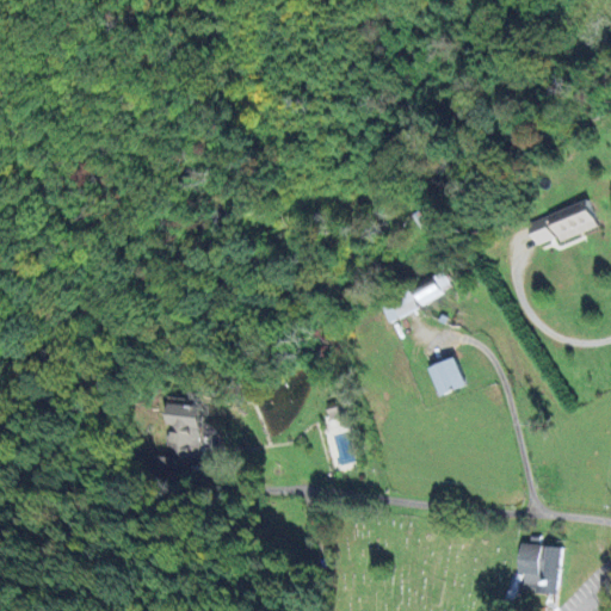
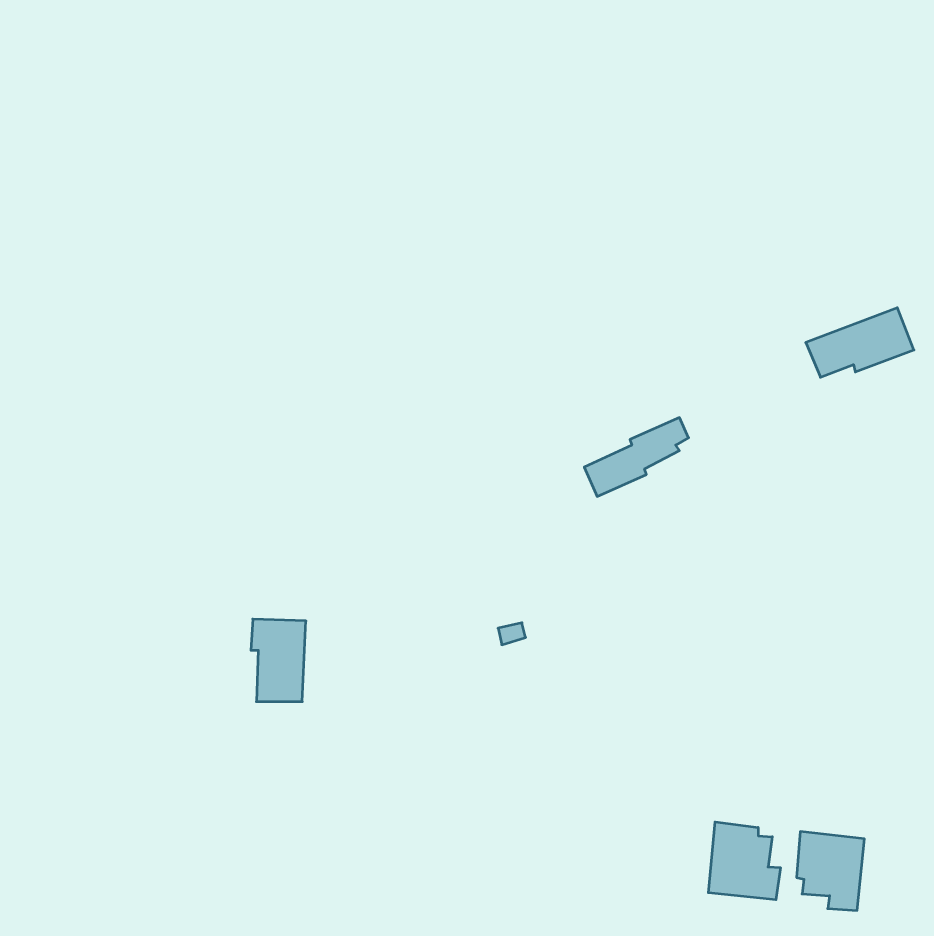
building: [427,358,463,396] -> none
building: none -> [708,822,780,900]

